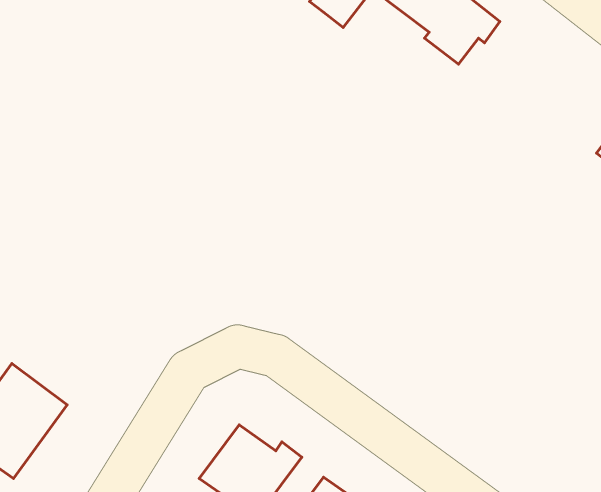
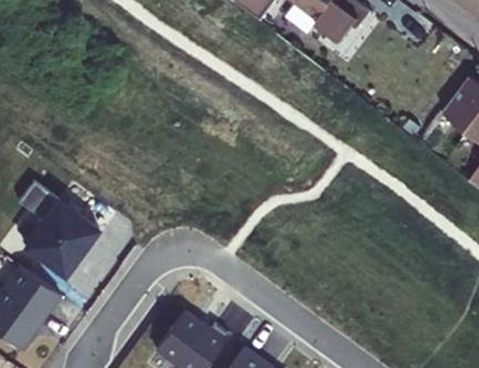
building: none -> [18,178,101,276]

